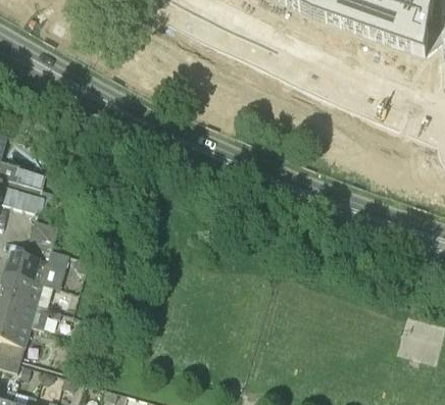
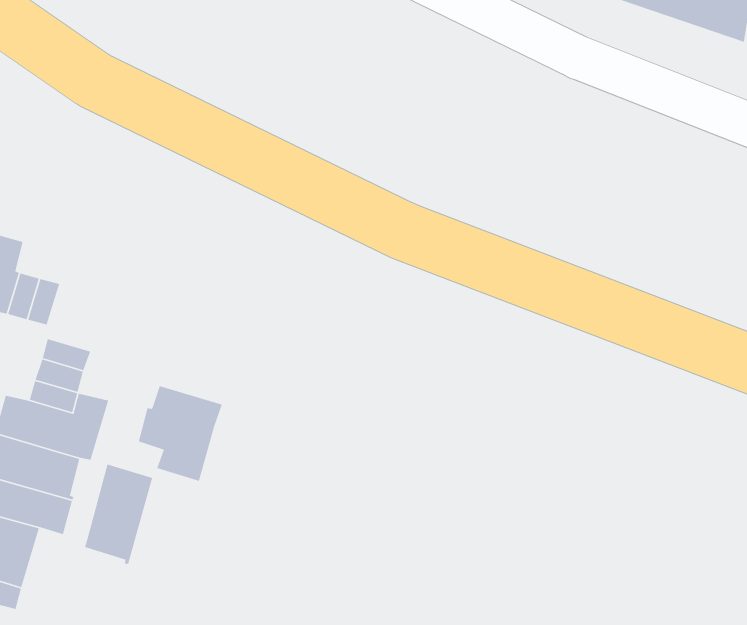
building: none -> [138,385,223,482]
building: none -> [84,463,153,565]

